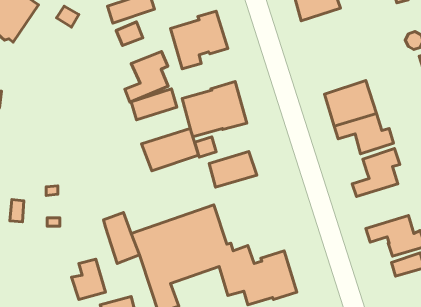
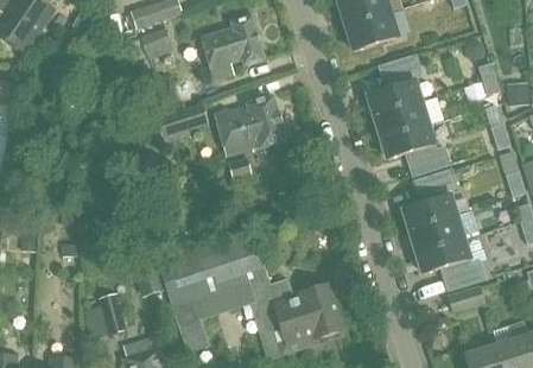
building: none -> [347,12,398,50]
building: none -> [368,55,421,108]
building: [125,51,168,102] -> none
building: [142,128,198,171] -> none
building: [209,152,257,187] -> none
building: none -> [408,208,467,258]

